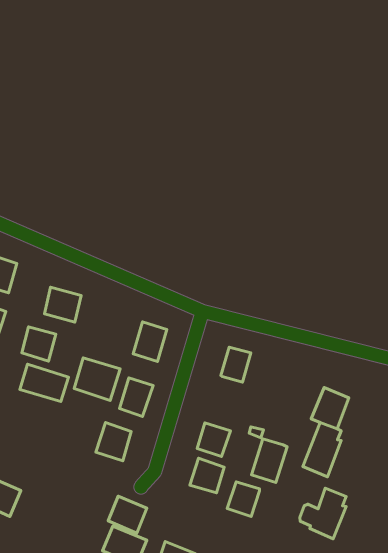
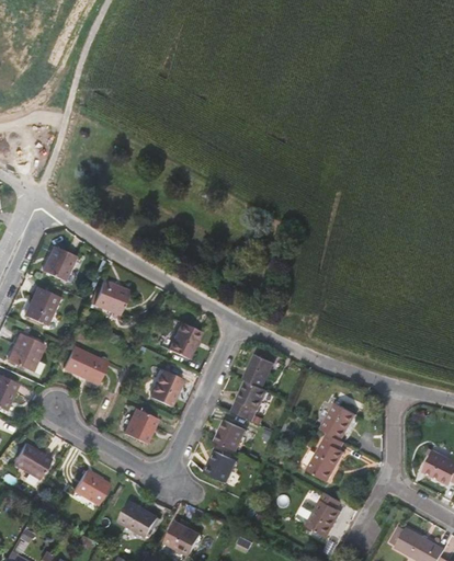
building: [22,327,56,361] -> none
building: [74,358,120,401] -> none
building: [252,439,287,483] -> [230,379,265,420]
building: [227,482,260,516] -> none
building: [108,496,147,533] -> [73,469,110,504]

